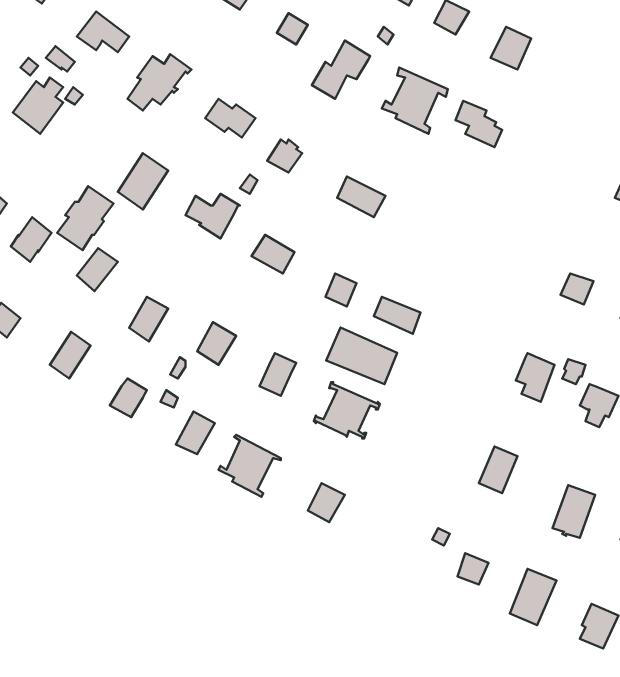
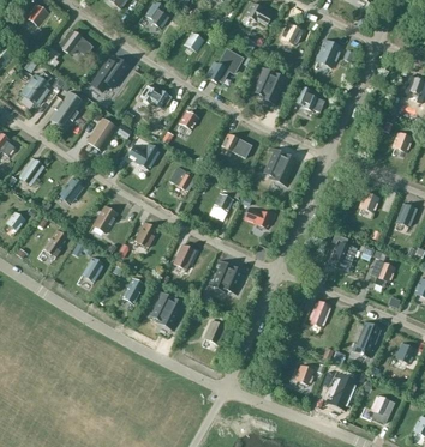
building: [57,186,114,250] -> [49,90,84,129]
building: none -> [259,147,299,185]
building: [326,328,397,384] -> none

